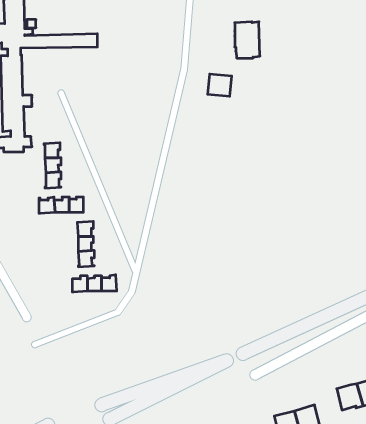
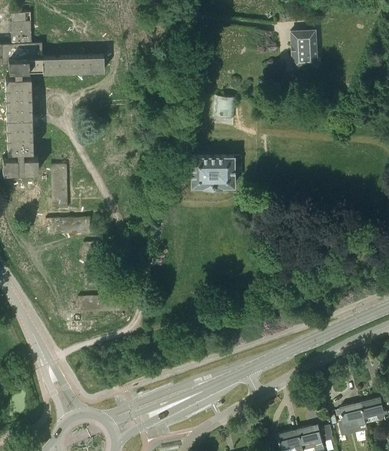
building: [235,22,260,58] -> [290,30,315,66]
building: none -> [190,155,242,186]

